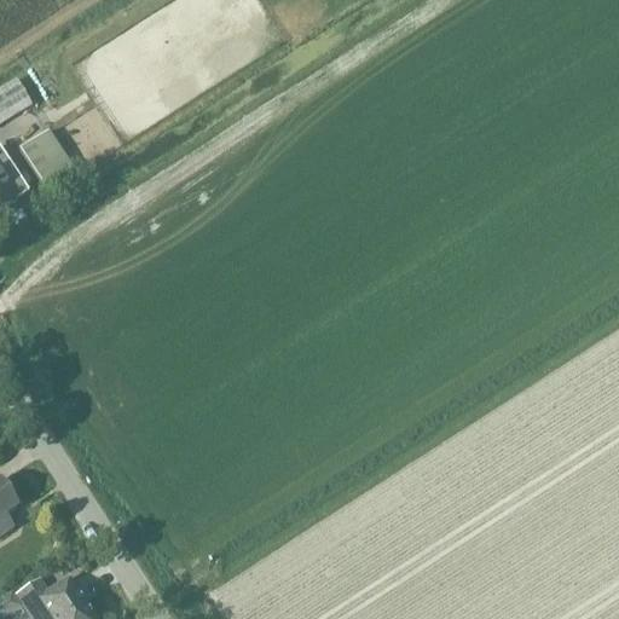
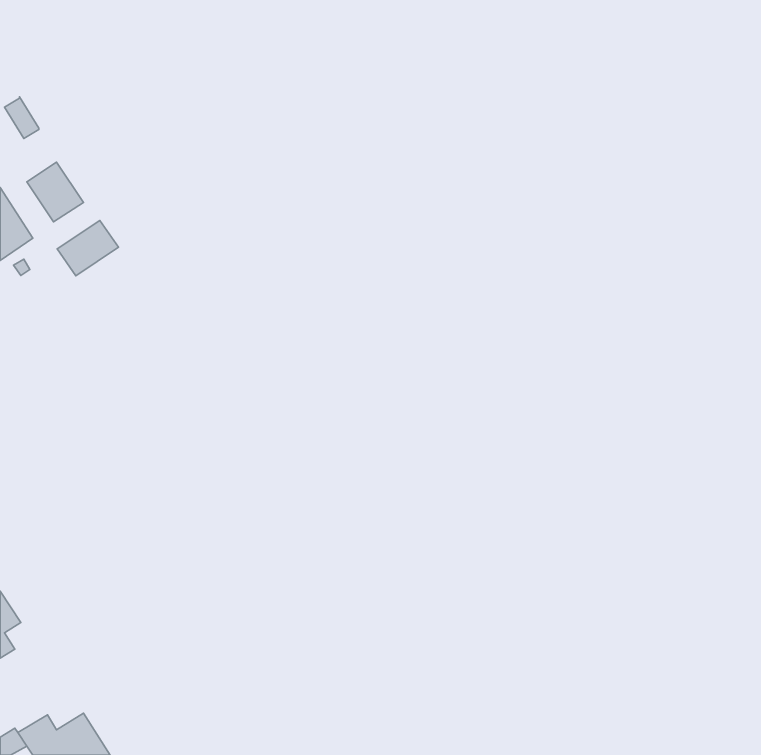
building: none -> [57,220,118,276]

